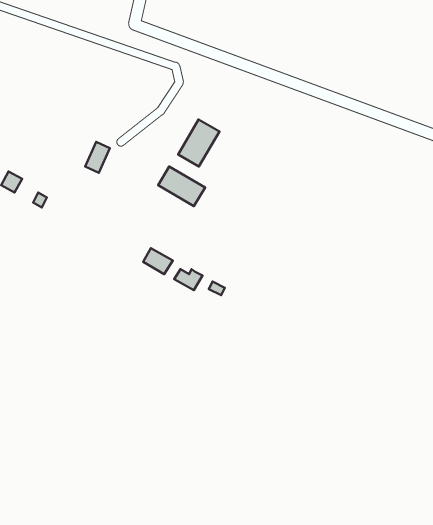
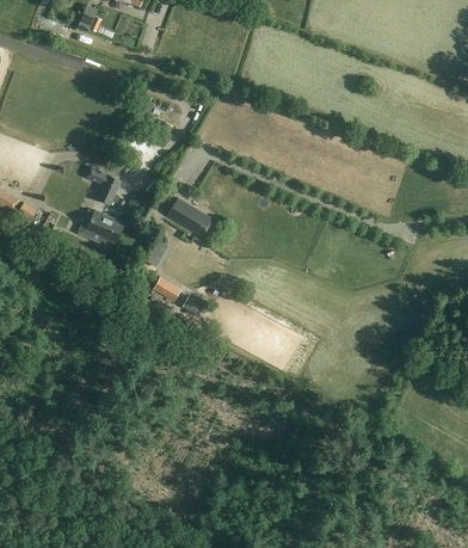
building: [178,120,219,167] -> none
building: none -> [78,209,124,244]

